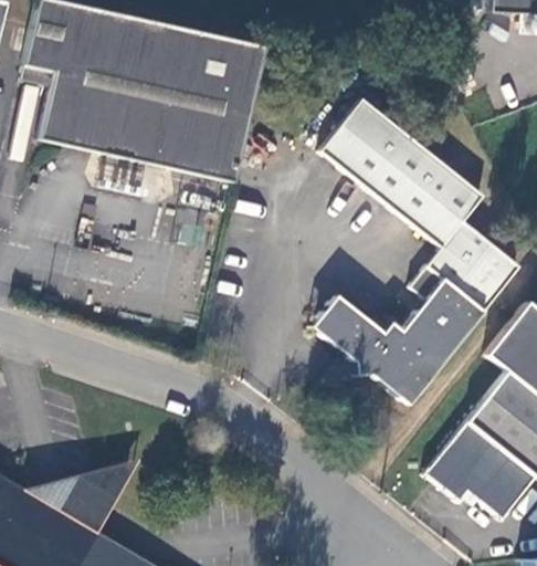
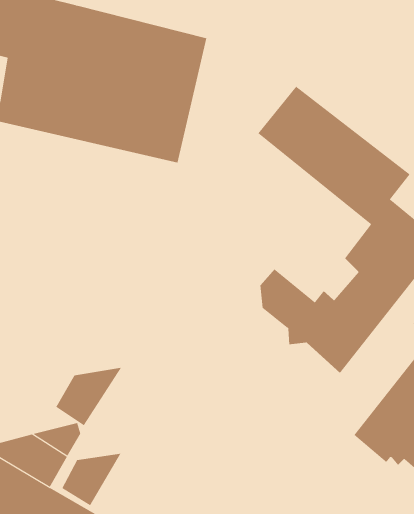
building: none -> [55,367,122,426]
building: none -> [62,453,122,506]

